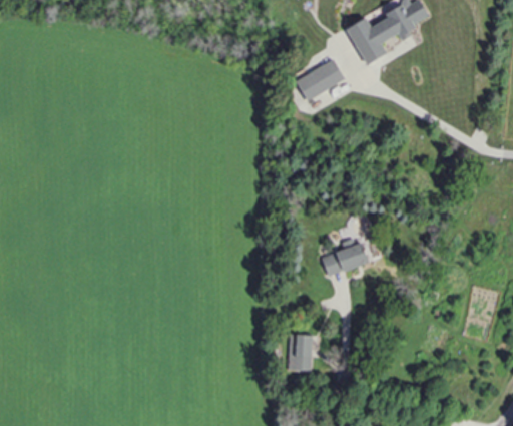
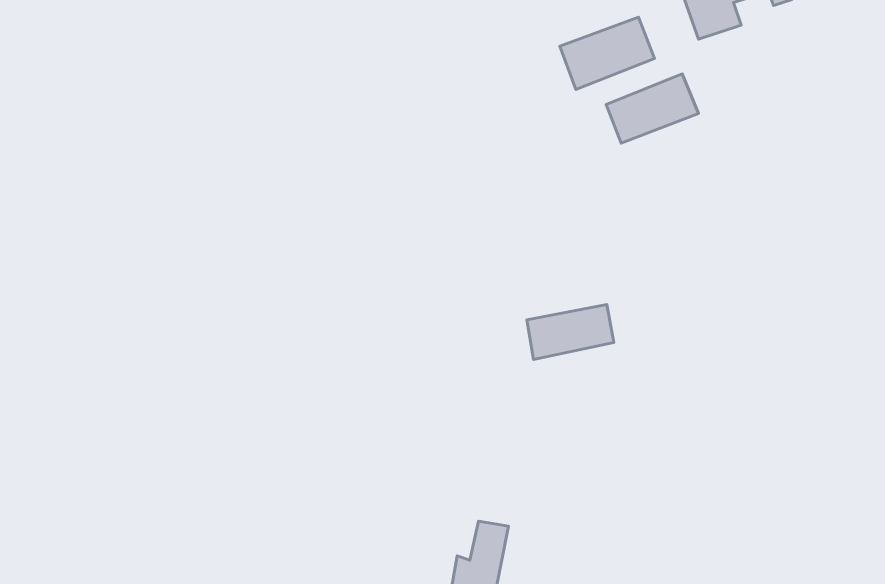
building: none -> [606,74,698,143]
building: [321,242,368,277] -> [527,304,614,360]

